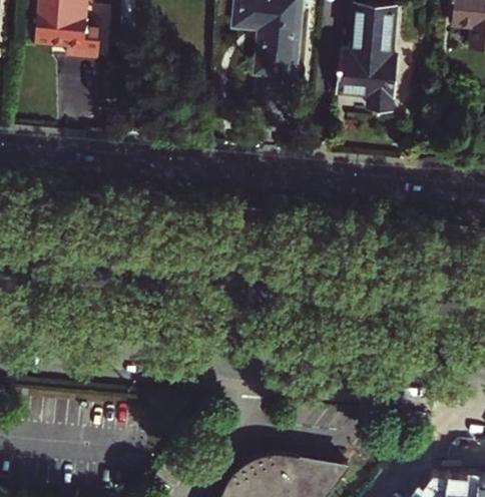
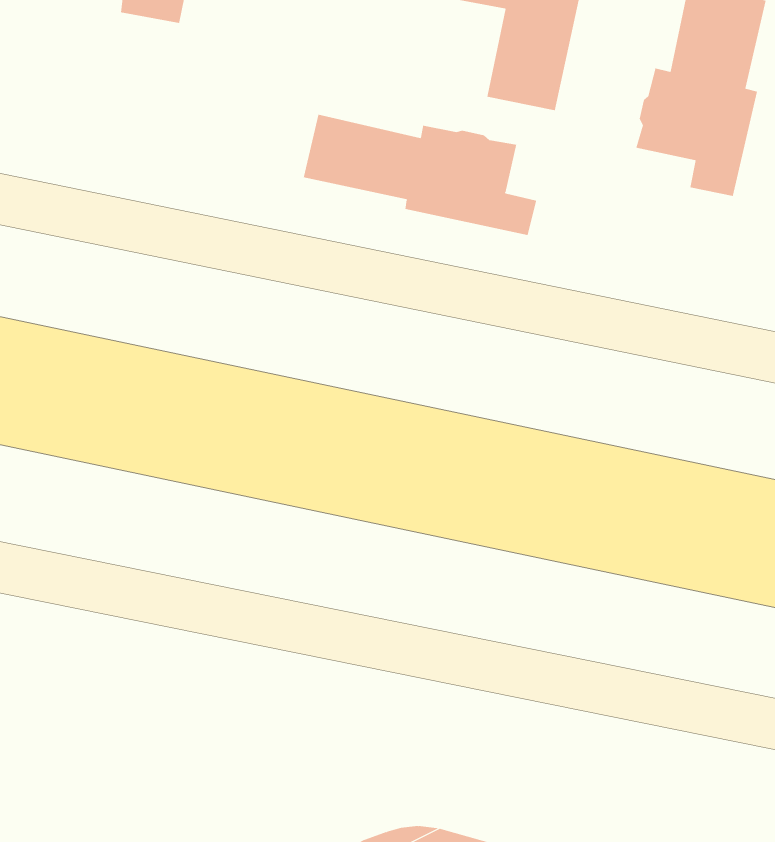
building: none -> [303,114,537,236]

